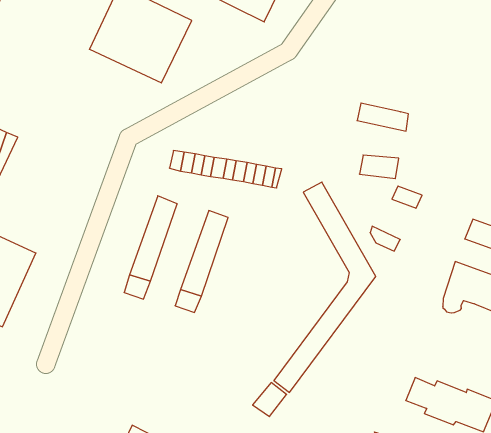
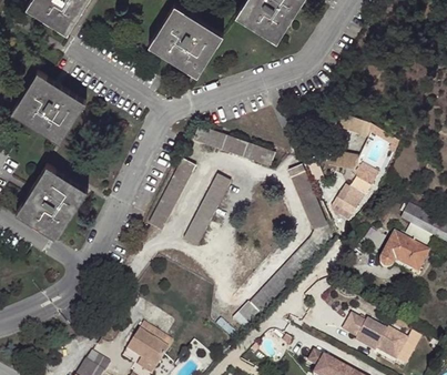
building: none -> [334,182,364,212]

